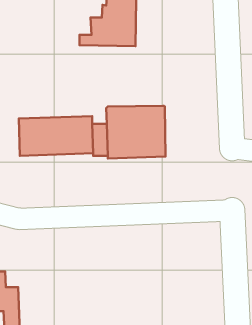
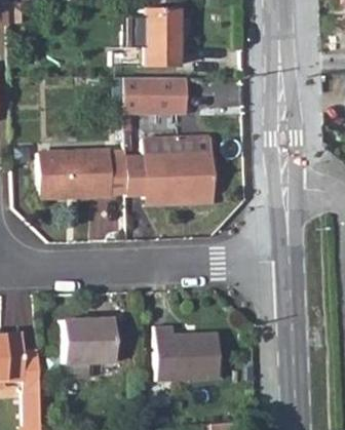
building: none -> [122,78,184,114]
building: none -> [61,319,111,364]
building: none -> [154,328,217,381]

